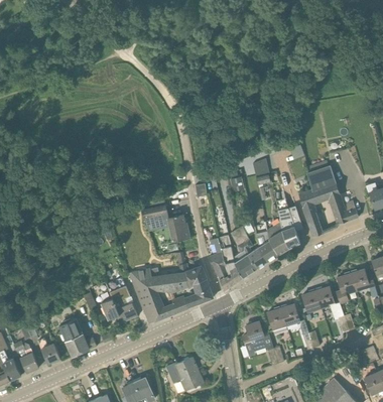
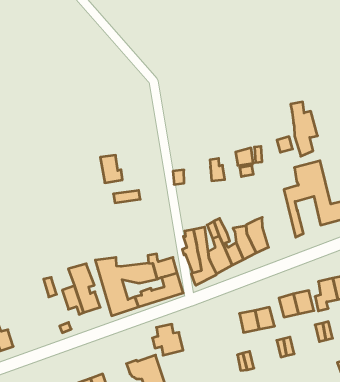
building: [275,198,302,249] -> [291,102,318,156]
building: [166,216,188,242] -> [100,155,122,183]
building: [58,318,96,357] -> none
building: [242,321,271,351] -> [152,324,183,355]

